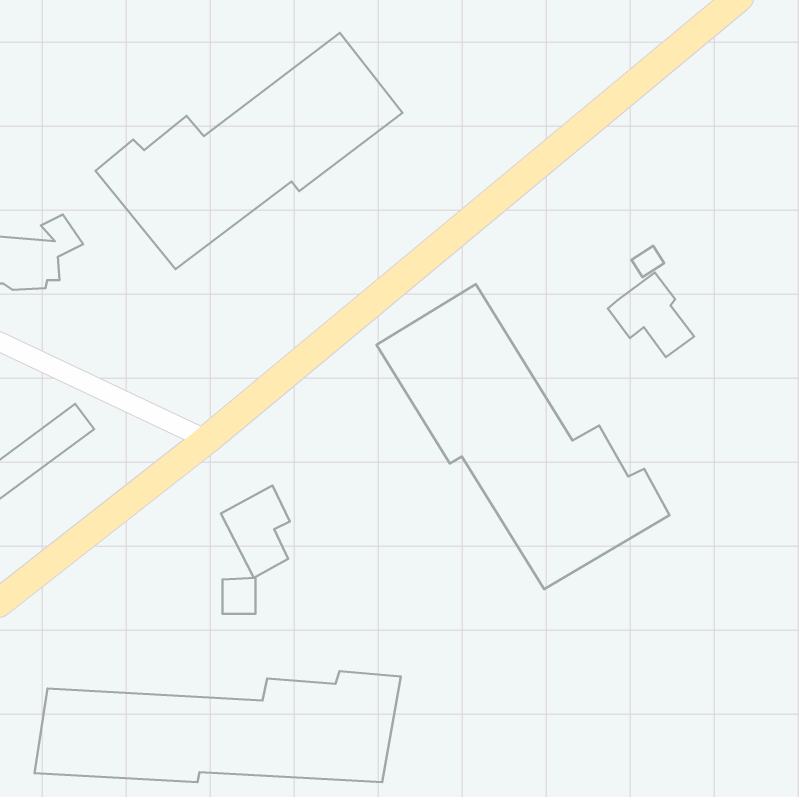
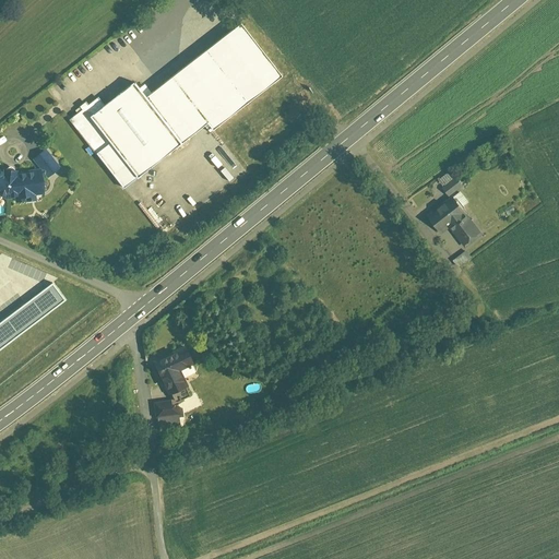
building: [376,284,670,589] -> none
building: [35,671,401,782] -> none

